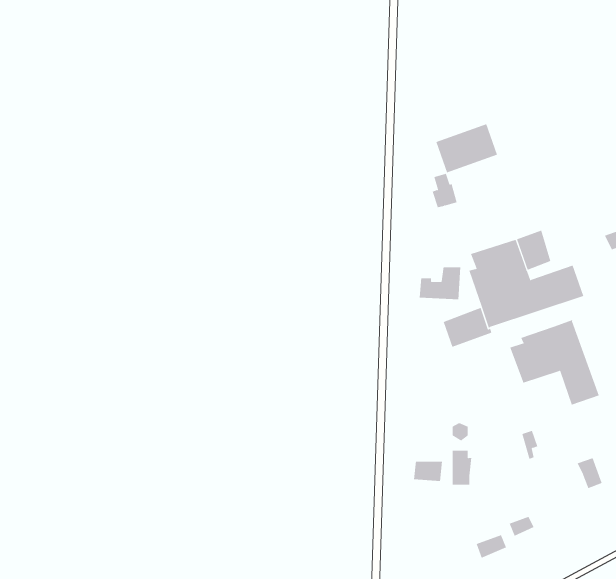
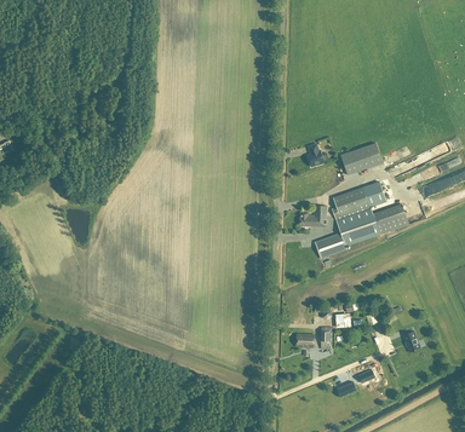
building: [435,124,498,173] -> [340,142,381,174]
building: [510,319,599,405] -> none

